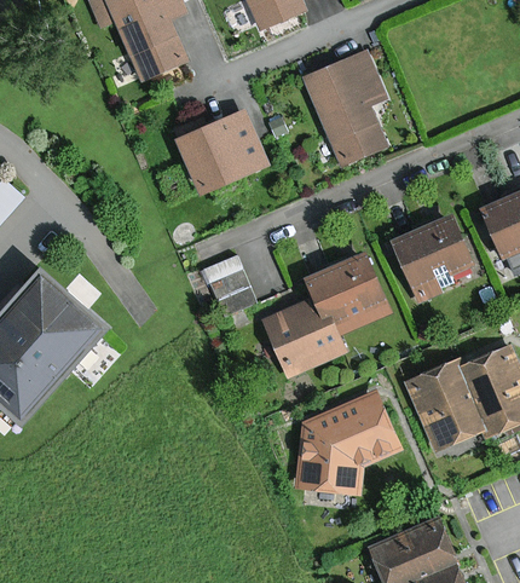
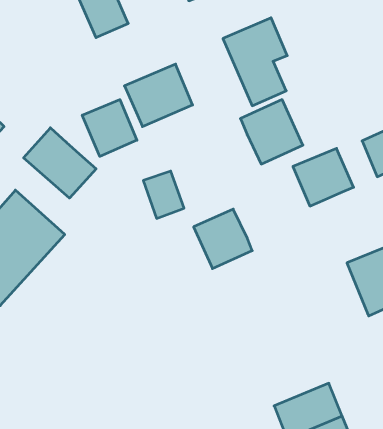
building: none -> [82,100,137,156]
building: none -> [24,128,96,198]
building: [308,252,388,334] -> [240,100,303,164]
building: [406,358,489,451] -> none
building: [295,393,398,491] -> none

